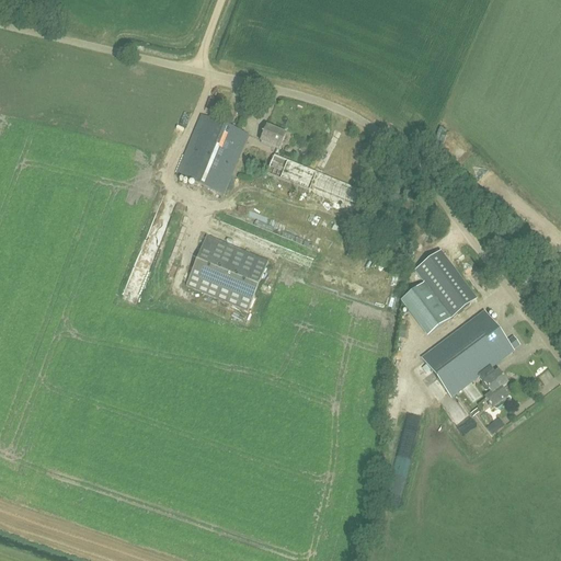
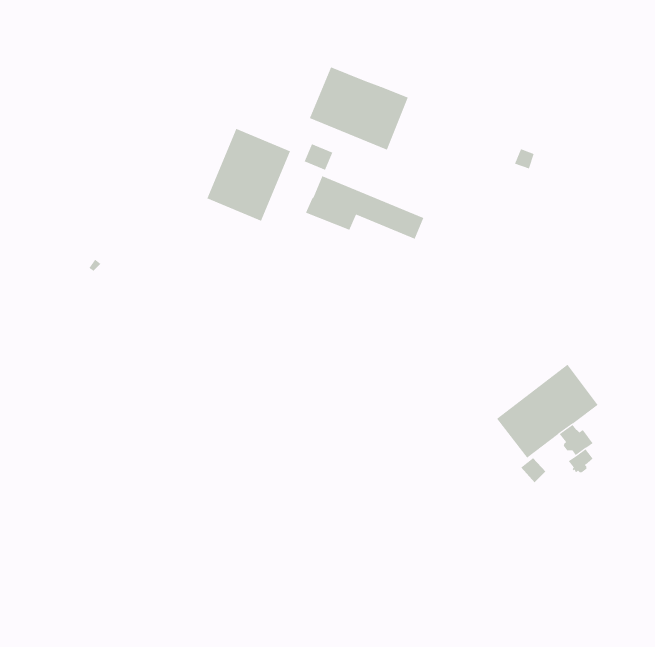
building: none -> [309,67,408,151]
building: [185,230,268,306] -> none
building: [403,248,470,331] -> none

